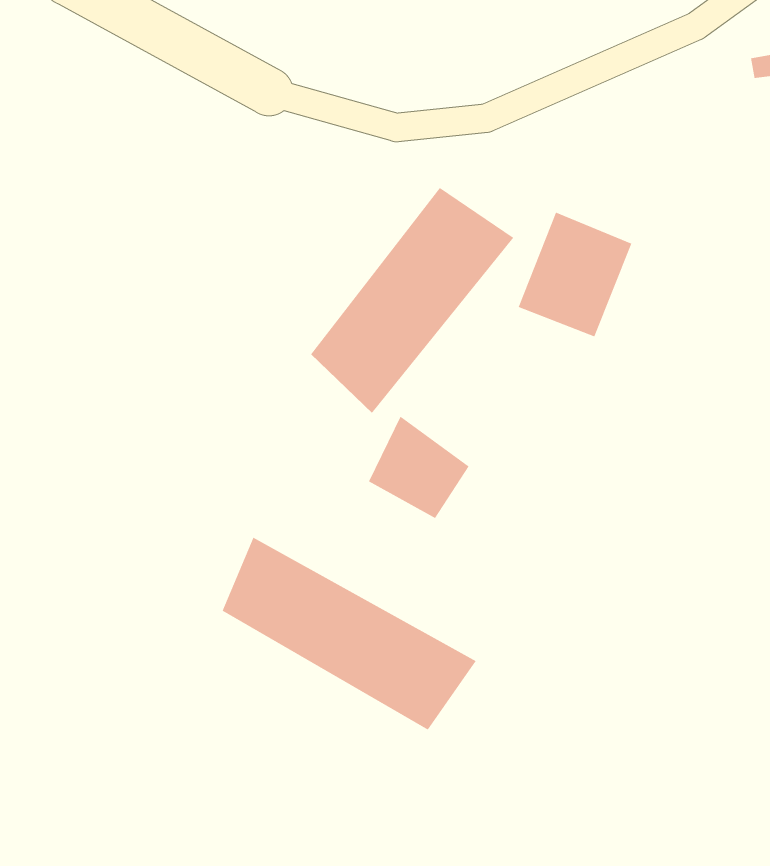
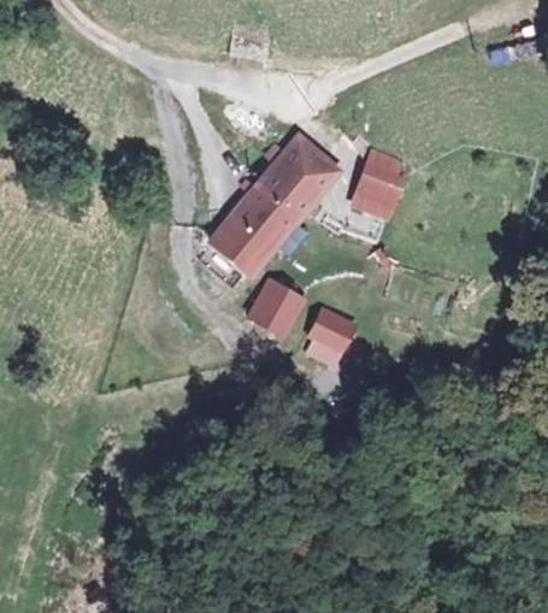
building: none -> [306,308,358,365]
building: [222,537,476,730] -> none

